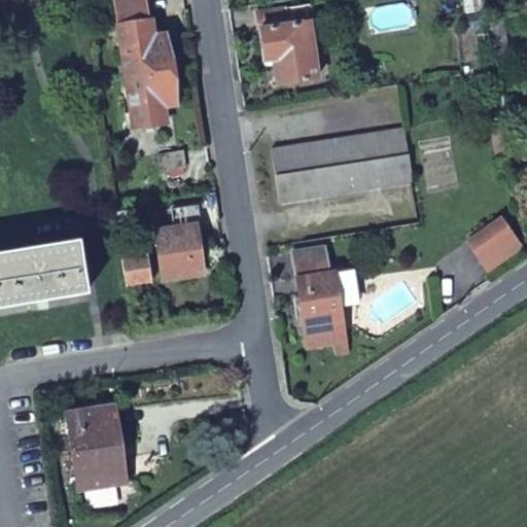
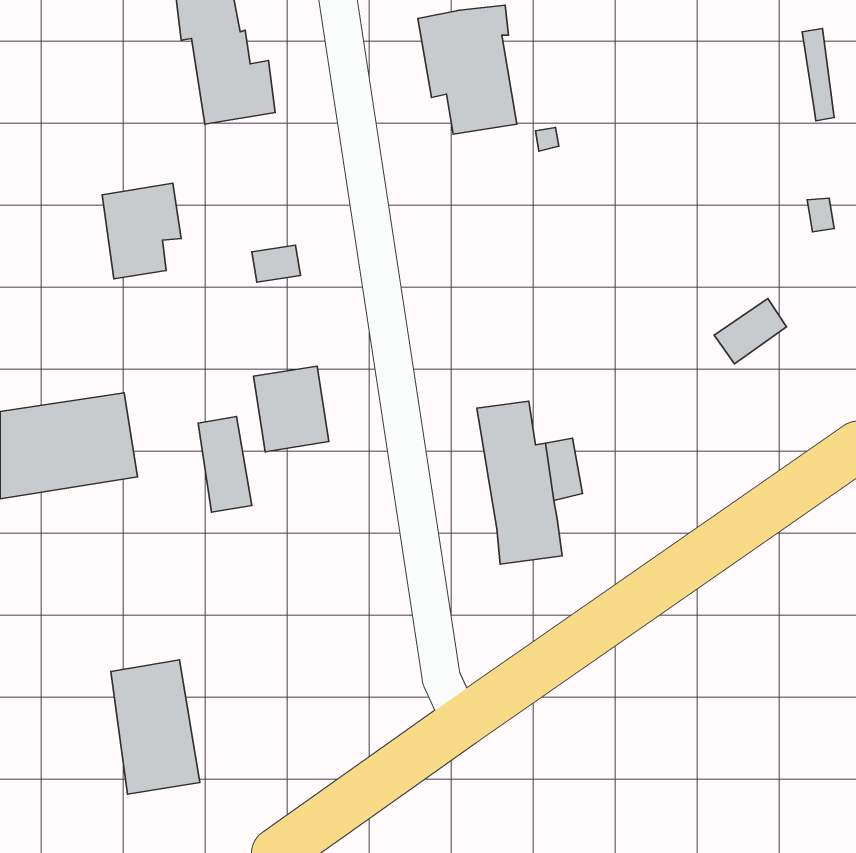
building: [127,69,175,128] -> [102,183,181,279]
building: [274,127,414,202] -> none
building: [470,217,515,257] -> [714,298,786,364]

